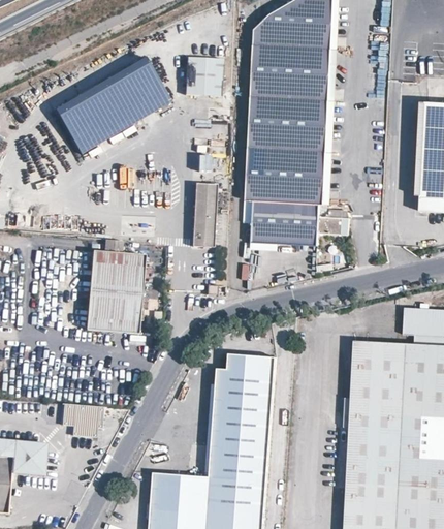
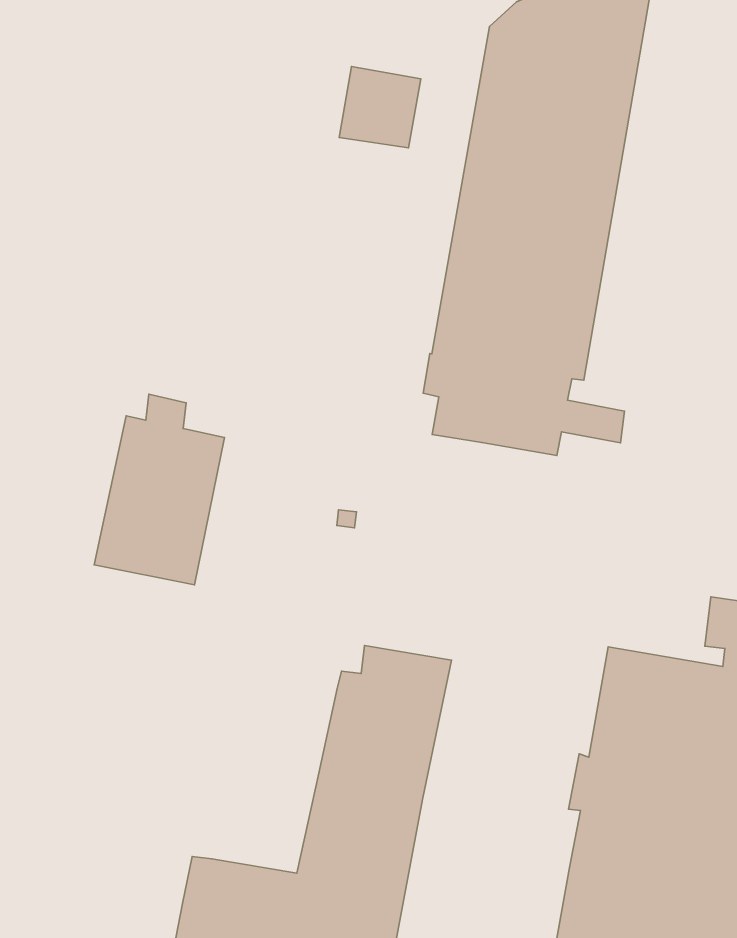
building: [54,59,169,155] -> none
building: [191,185,214,247] -> none
building: [59,405,100,438] -> none

